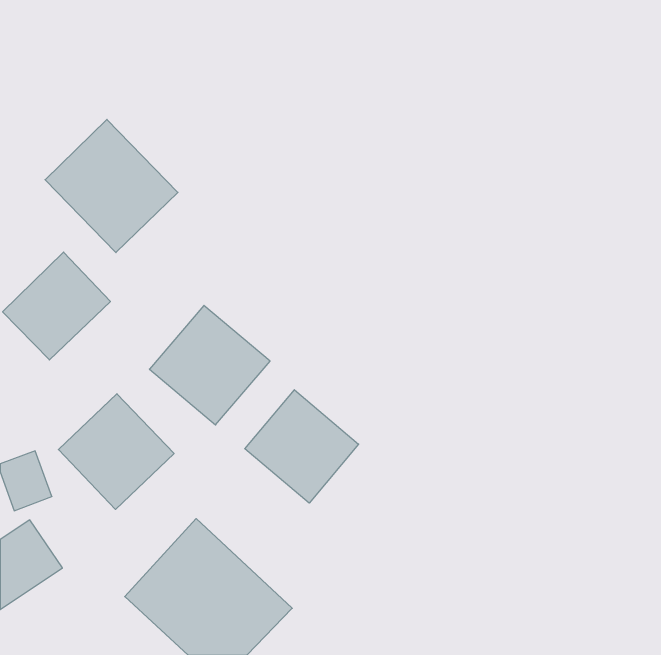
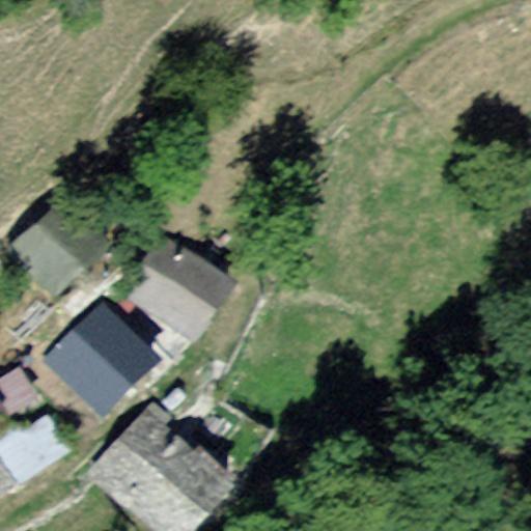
building: [45,119,178,253] -> none
building: [245,390,359,503] -> none

